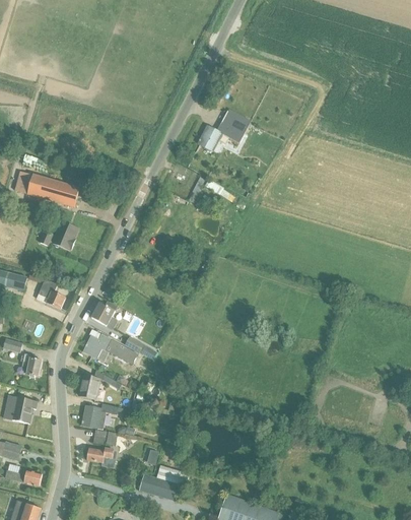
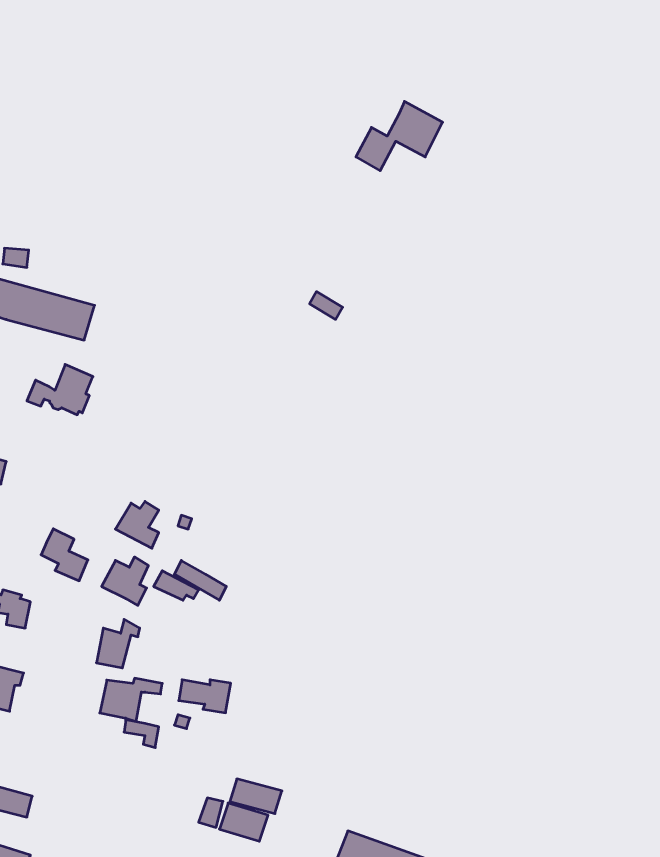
building: [197,111,248,151] -> [356,101,443,171]
building: [38,279,65,310] -> [41,529,88,581]
building: [86,449,117,468] -> [179,680,231,713]

